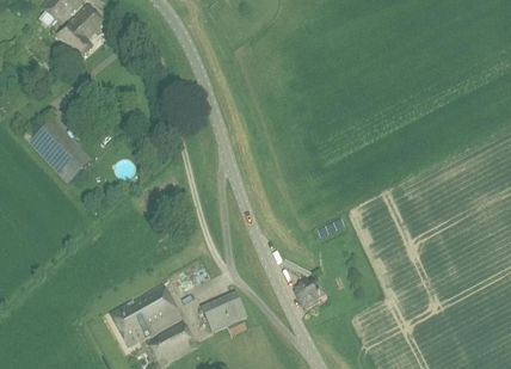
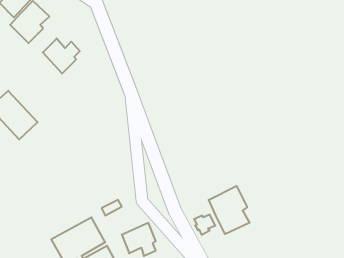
building: none -> [43,38,80,74]
building: none -> [209,186,250,234]

